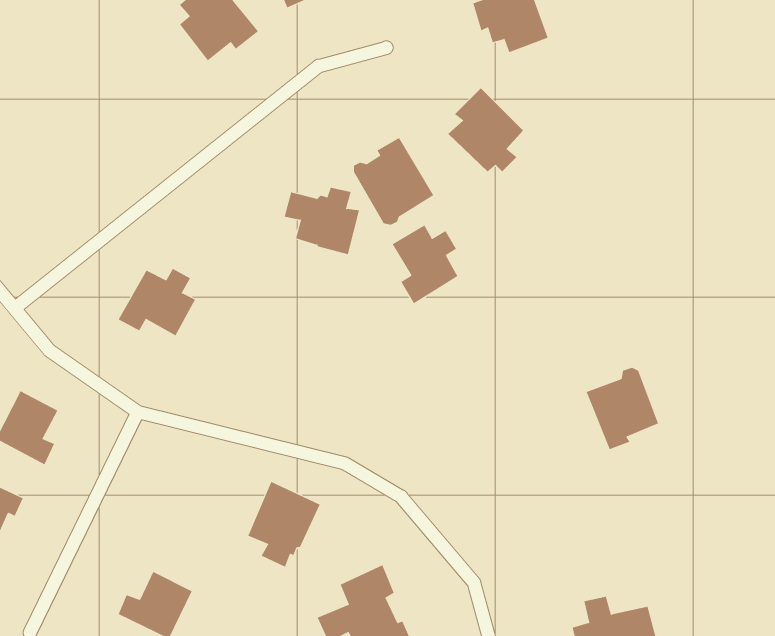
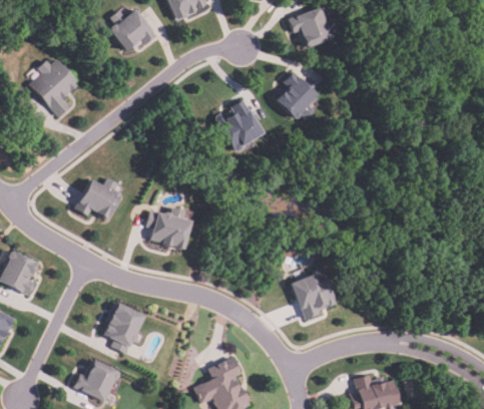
building: none -> [27,59,77,118]
building: [284,187,360,255] -> [144,208,190,249]
building: [392,224,458,304] -> none
building: [586,367,659,450] -> [290,269,334,319]
building: [247,481,320,567] -> [102,302,146,354]

